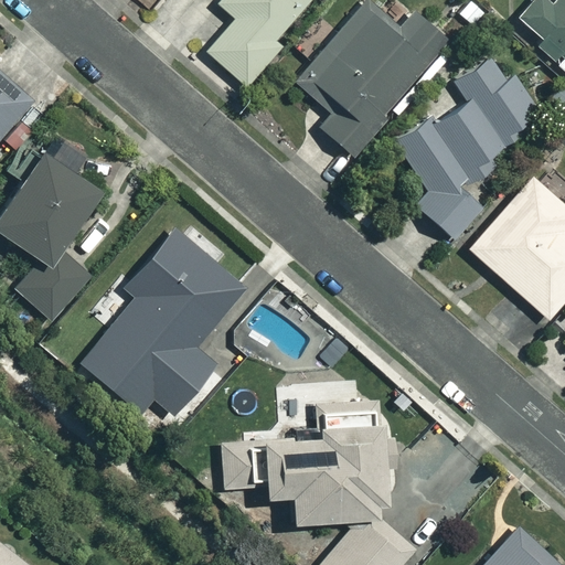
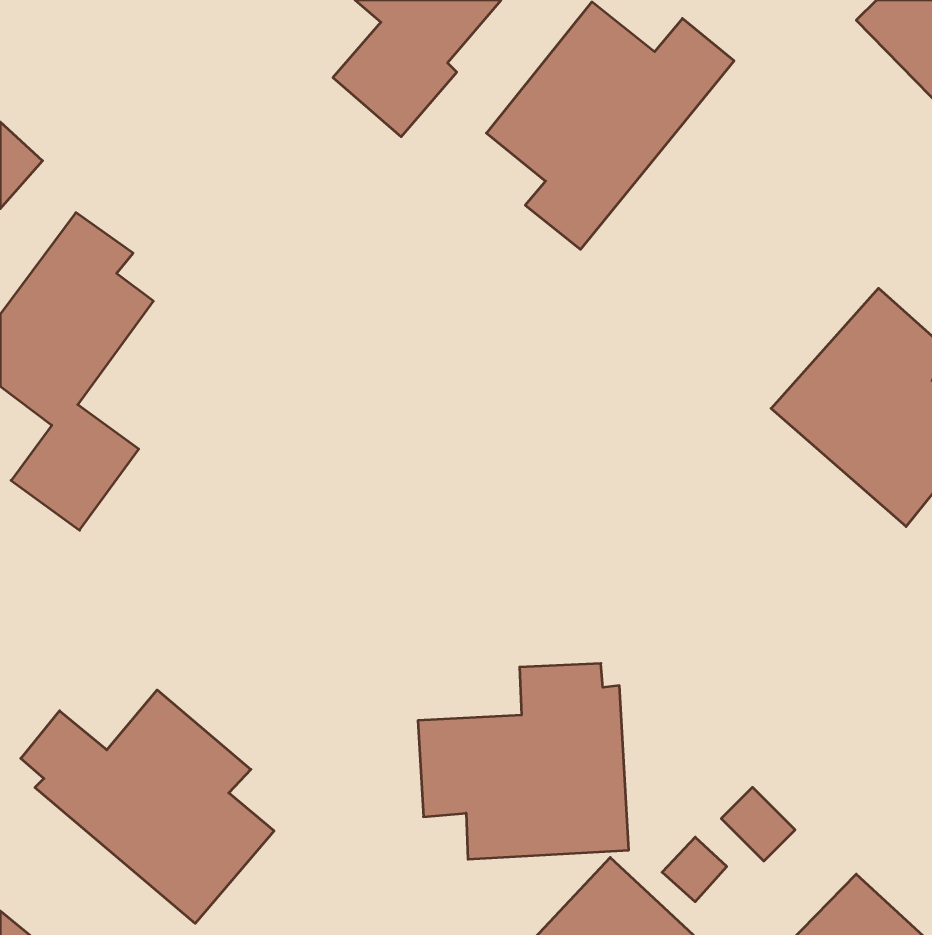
building: [393,50,552,241] -> none
building: [82,228,246,416] -> none
building: none -> [21,690,274,923]
building: [220,443,256,490] -> none

